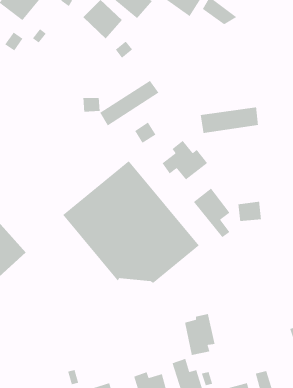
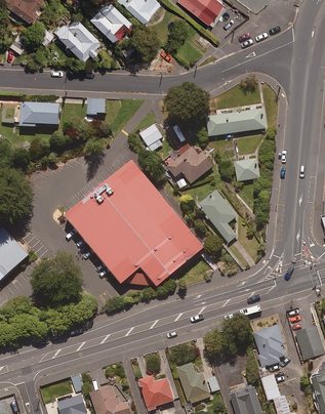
building: none -> [51,15,97,59]
building: [99,80,159,126] -> none
building: none -> [12,100,58,126]
building: [237,201,262,222] -> [234,158,258,179]
building: [184,313,216,356] -> [253,323,285,366]

